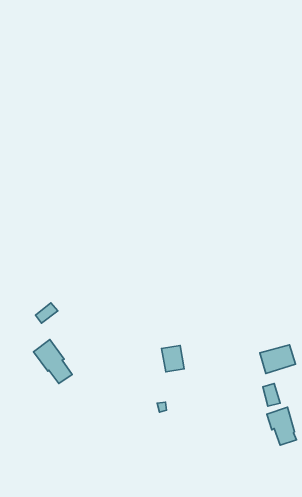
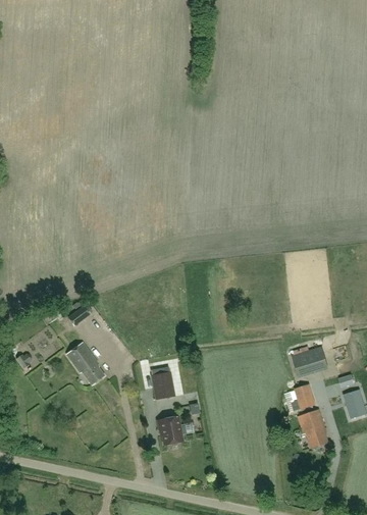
building: [162,345,184,372] -> [152,372,174,399]
building: none -> [157,416,187,445]

